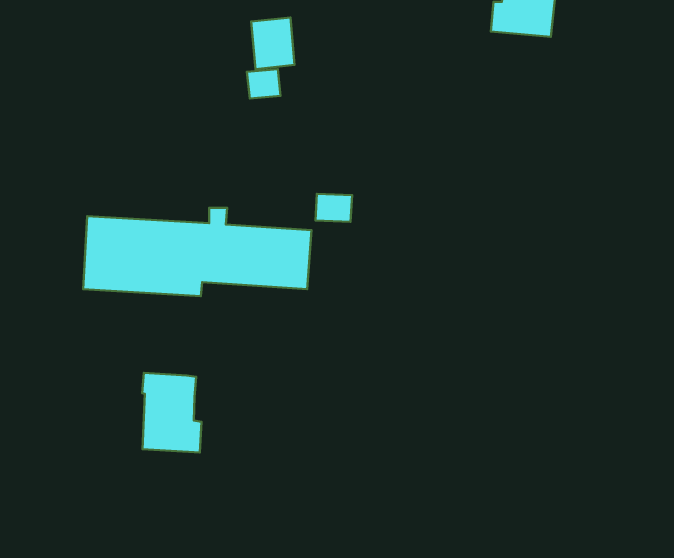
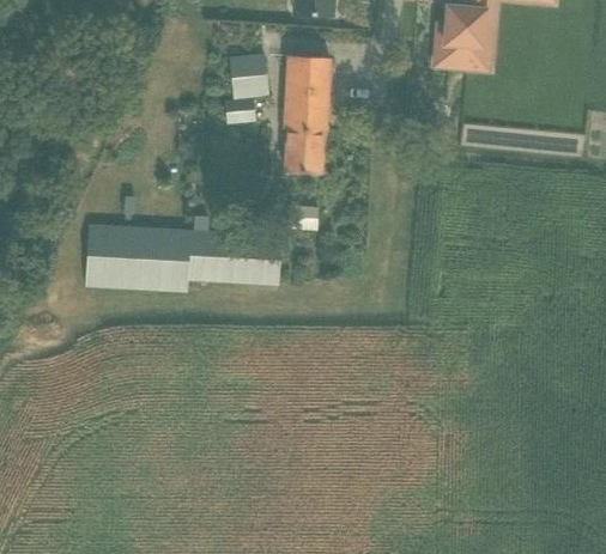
building: none -> [285,56,331,173]
building: [142,373,202,453] -> none

